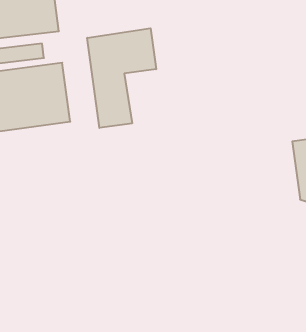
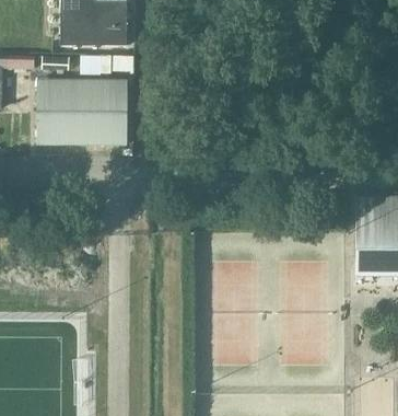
building: [87,28,156,128] -> none

